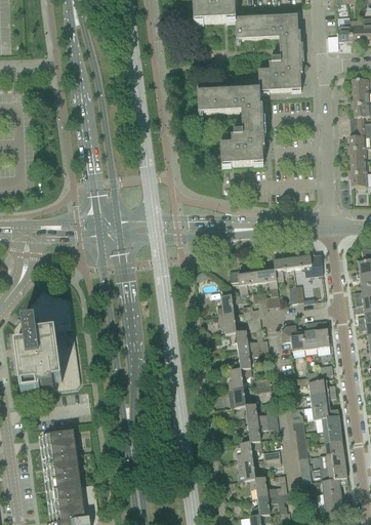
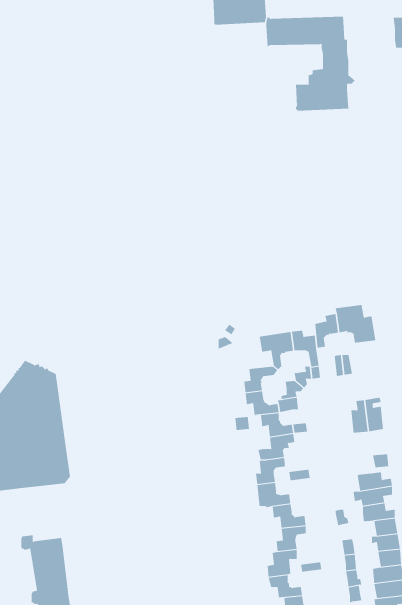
building: [197,90,269,168] -> none
building: [280,324,304,351] -> none

